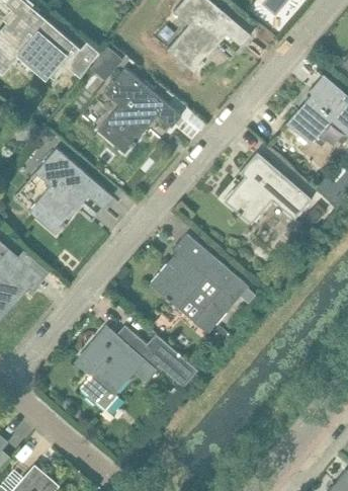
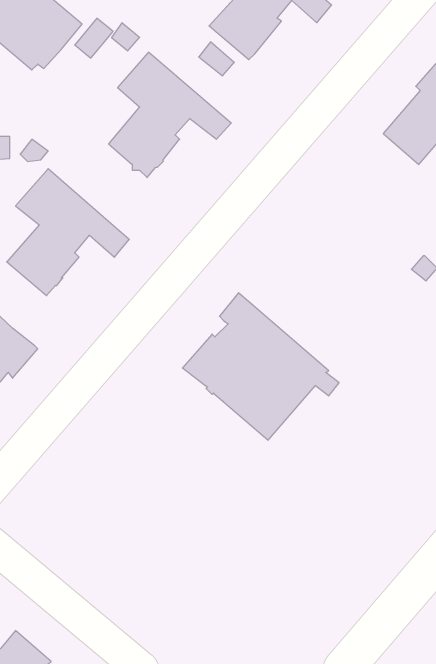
building: [224,152,312,225] -> none
building: [76,327,197,409] -> none

